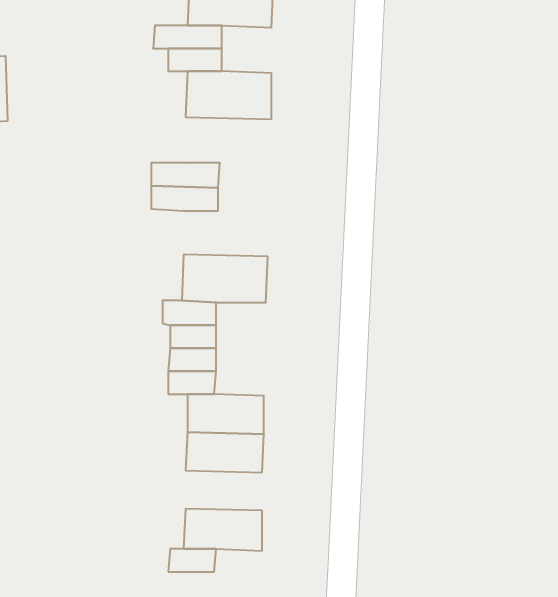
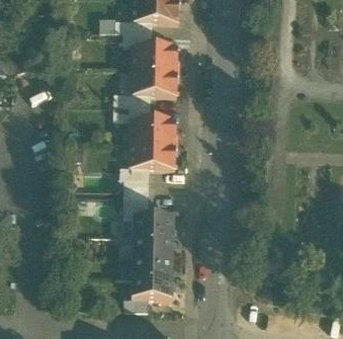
building: none -> [132,71,177,96]
building: none -> [131,120,175,145]
building: none -> [132,258,172,279]

